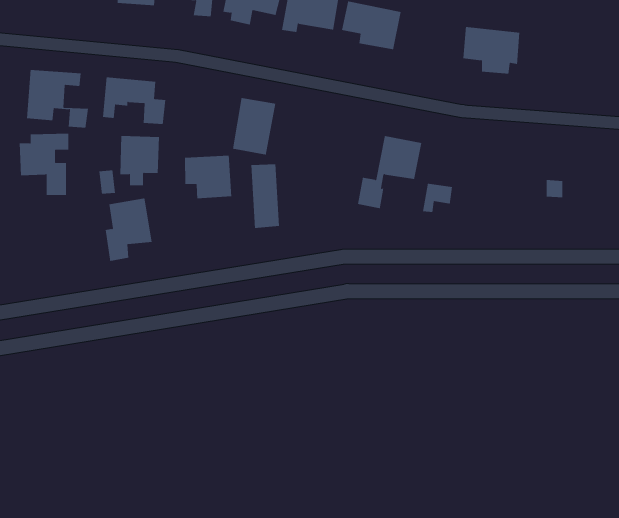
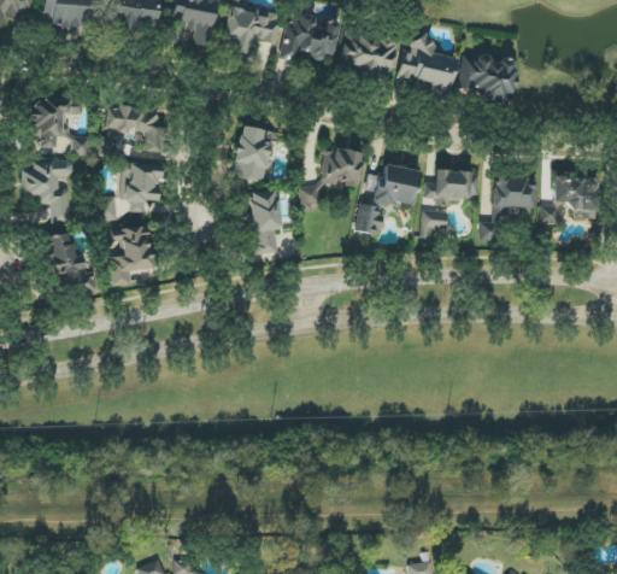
building: none -> [398,36,456,93]
building: none -> [300,147,364,207]
building: none -> [424,170,480,206]
building: none -> [480,176,536,240]
building: none -> [554,177,597,218]
building: [184,155,232,199] -> none
building: none -> [41,229,93,294]

